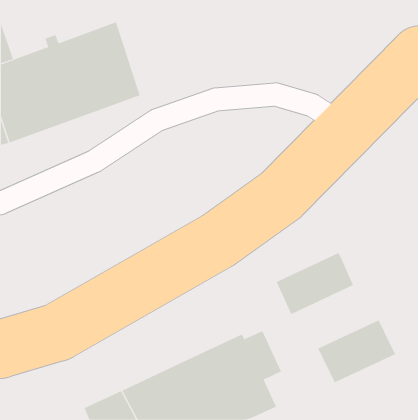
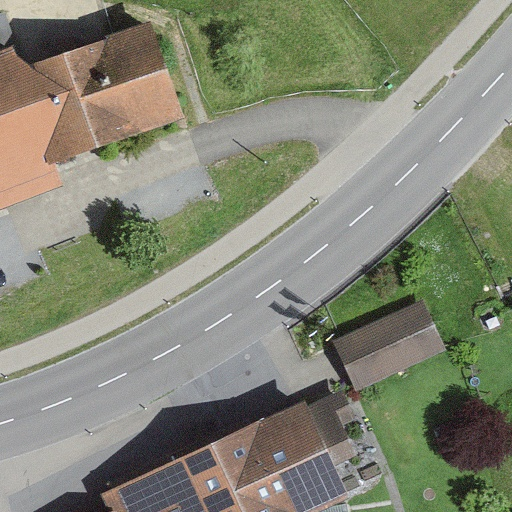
building: [318,319,396,383] -> none

